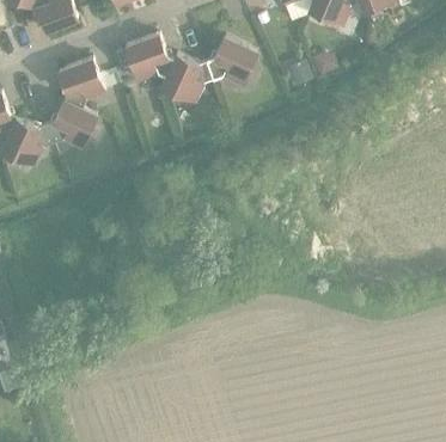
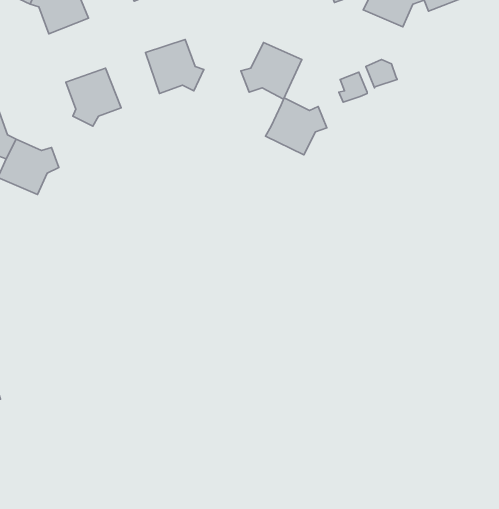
building: [160,55,212,103] -> [266,98,327,155]
building: [45,100,96,148] -> none

